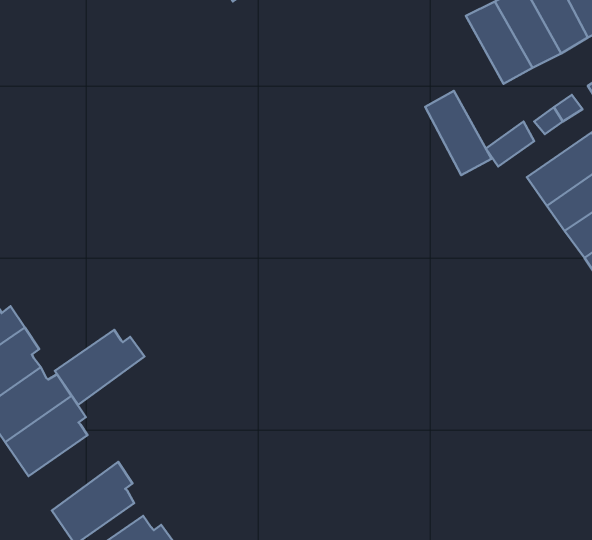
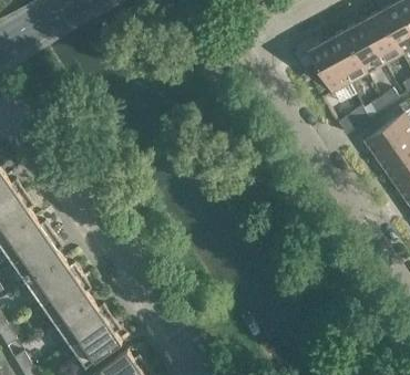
building: [425,91,492,175] -> [308,41,349,93]
building: [55,330,145,405] -> [55,300,111,346]

